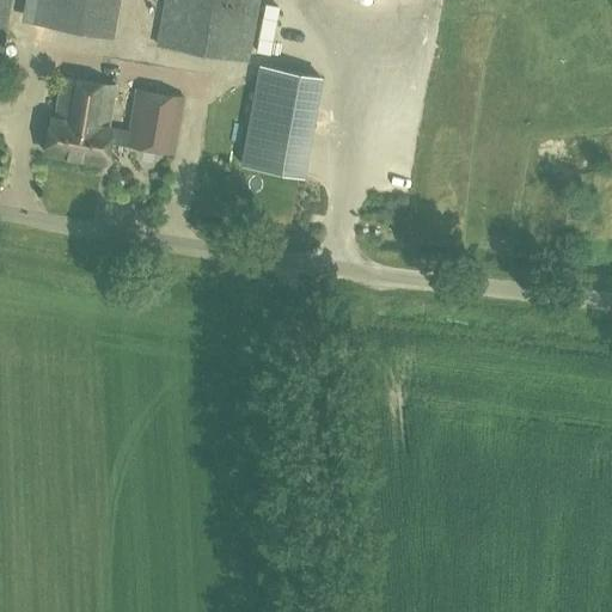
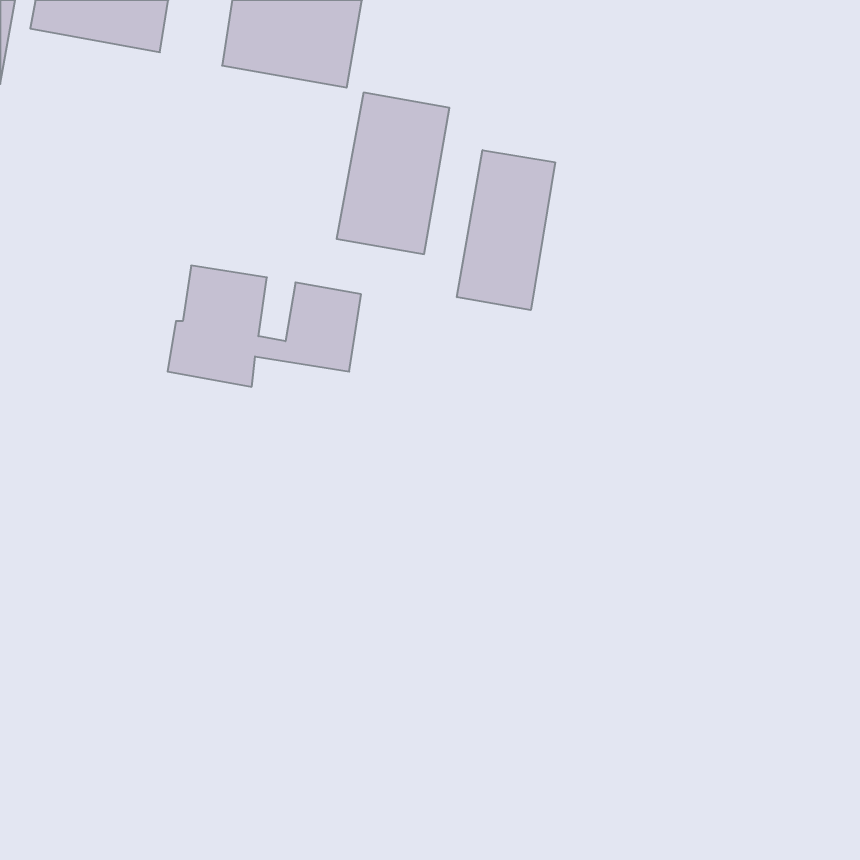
building: [45,78,183,164] -> [168,266,361,387]
building: none -> [457,150,555,310]

